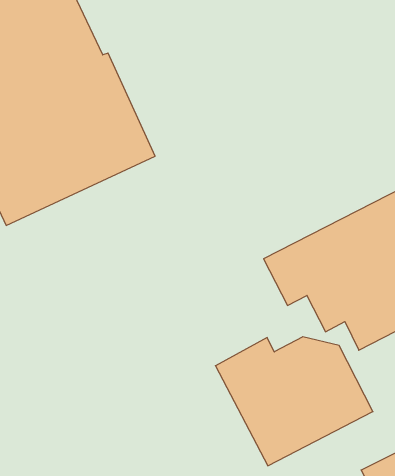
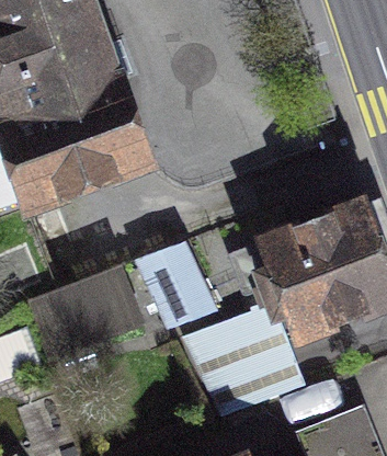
building: none -> [139,244,218,332]
building: none -> [29,265,150,356]

